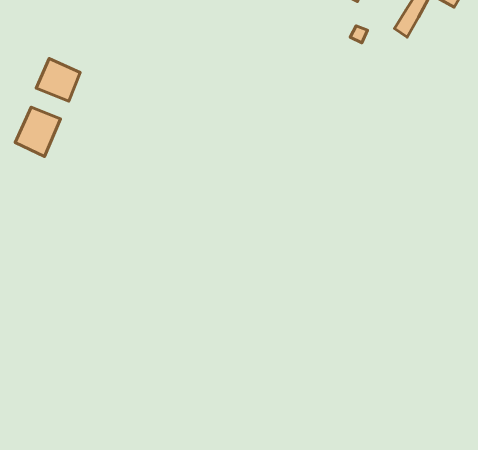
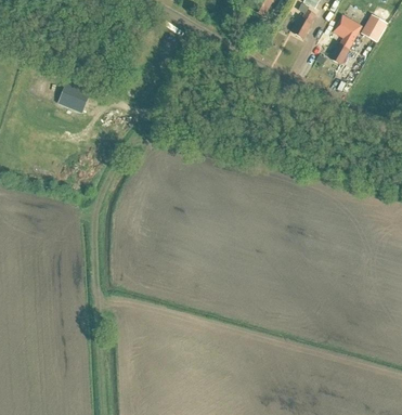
building: [15,107,61,157] -> none

